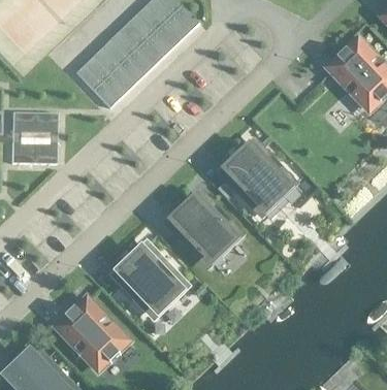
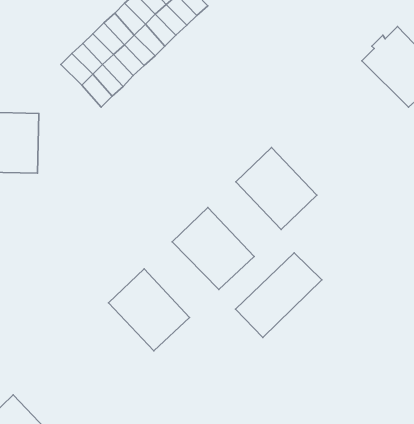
building: none -> [236,253,322,337]
building: [59,298,127,367] -> none

